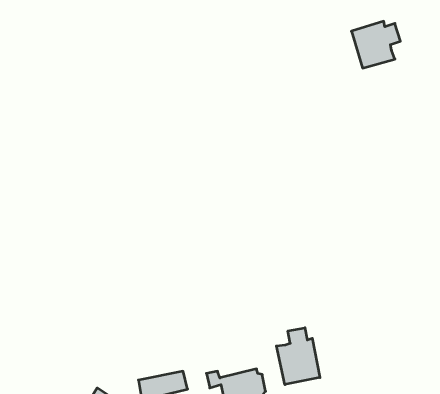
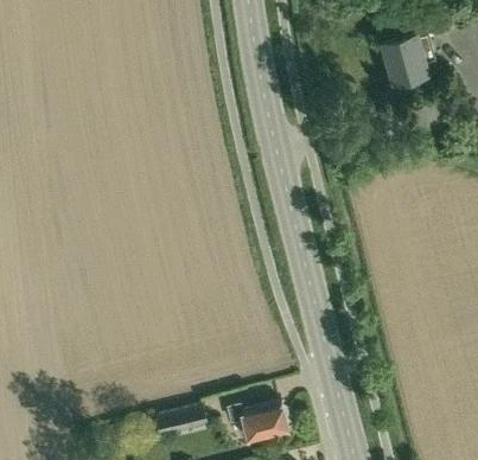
building: [276,328,320,385] -> none

